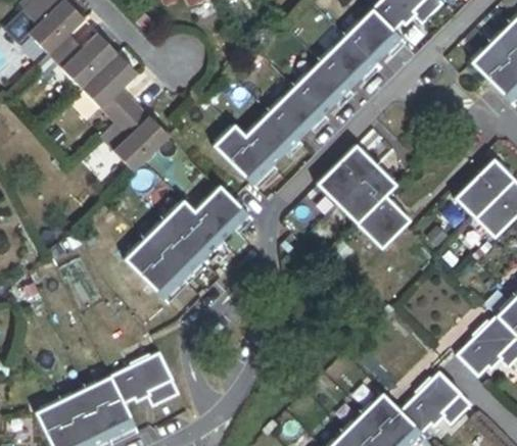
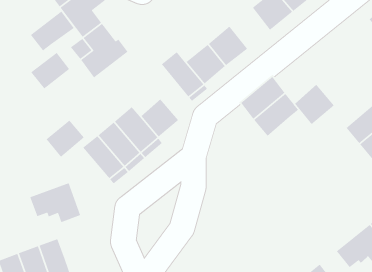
building: [296,63,347,115] -> none
building: none -> [30,10,75,52]
building: none -> [30,52,70,90]
building: [359,195,410,247] -> [294,84,335,125]
building: none -> [46,119,85,158]
building: [110,353,178,405] -> [29,182,81,223]

